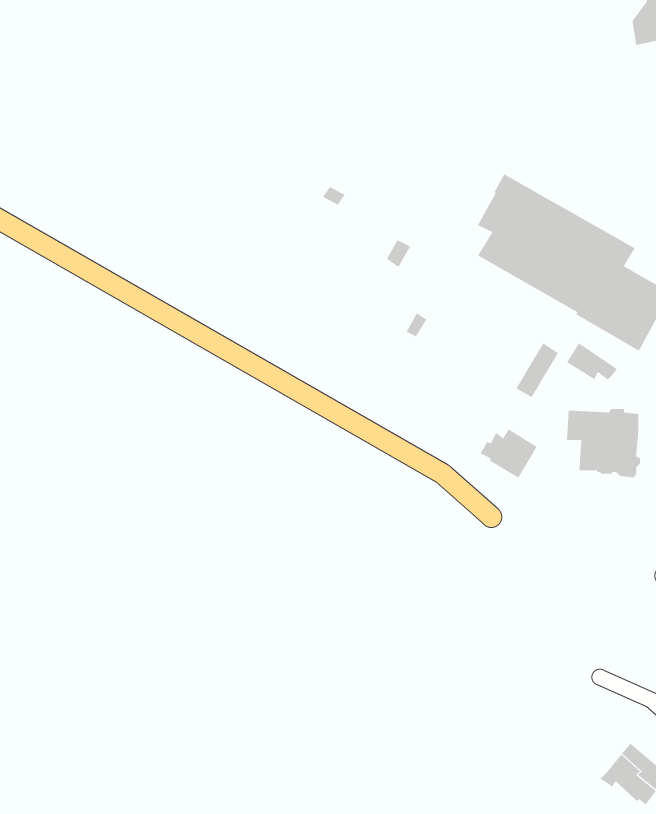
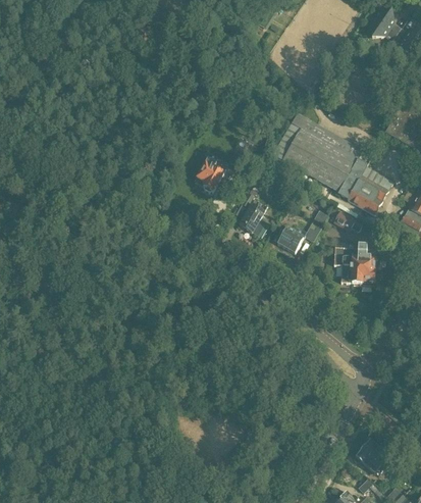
building: none -> [196,157,226,192]
building: none -> [241,198,268,235]
building: [480,429,537,478] -> [272,224,305,253]

